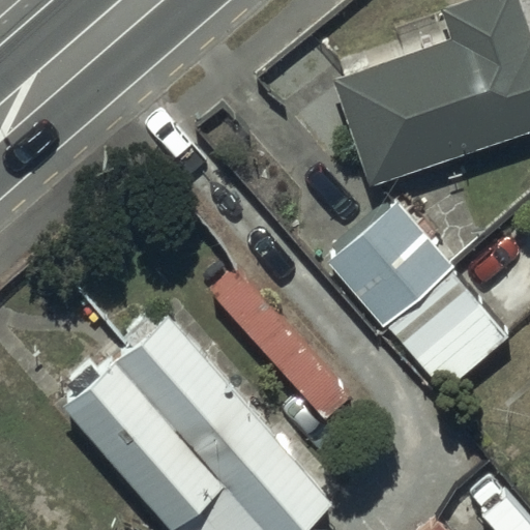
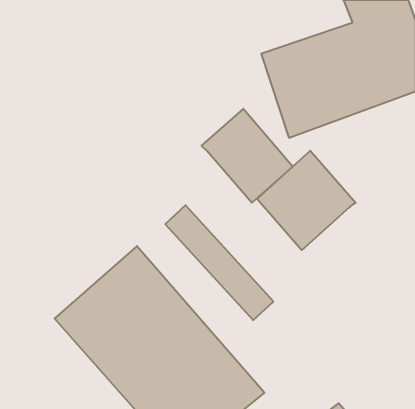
building: none -> [202,109,293,203]
building: [385,272,505,393] -> none

